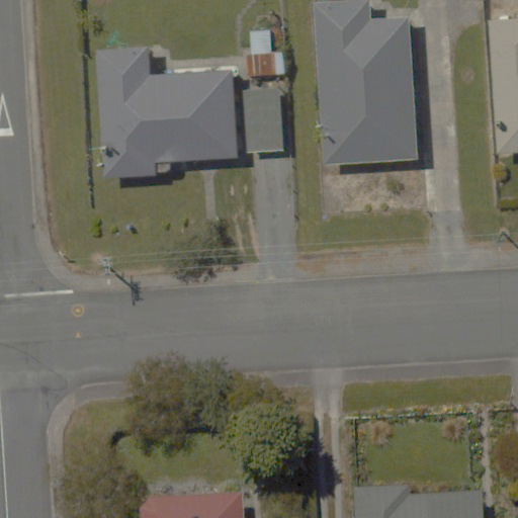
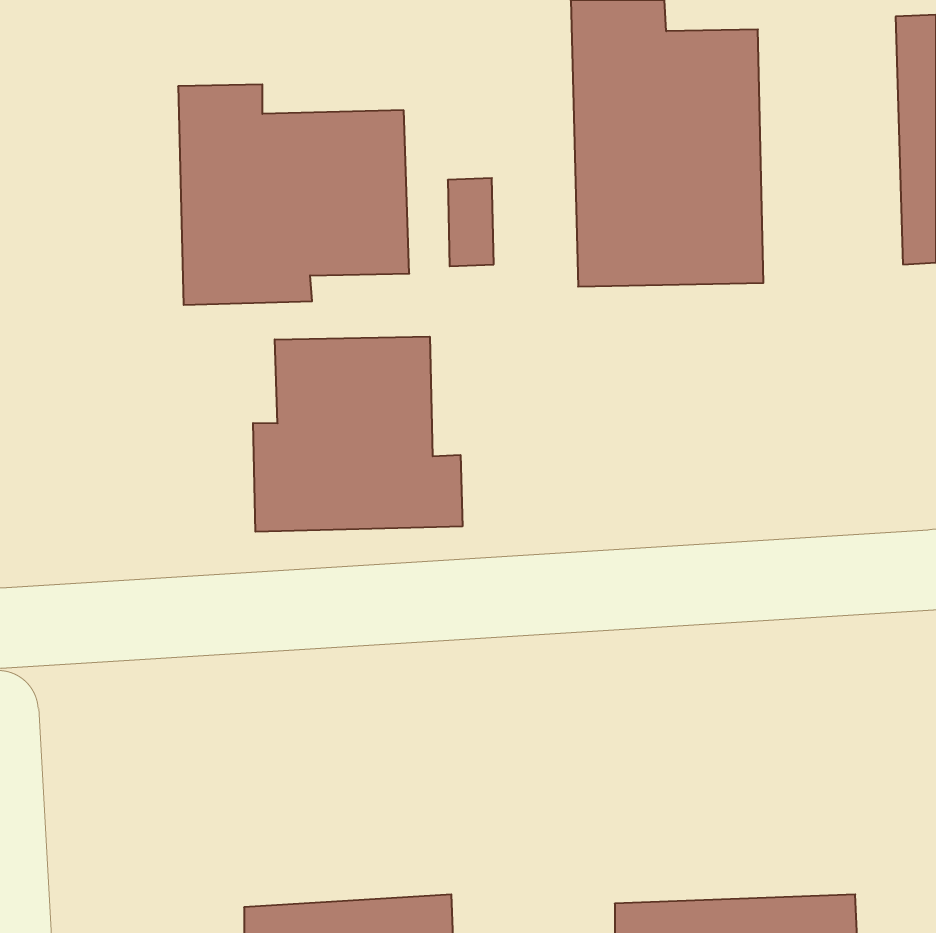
building: none -> [253,337,462,532]

